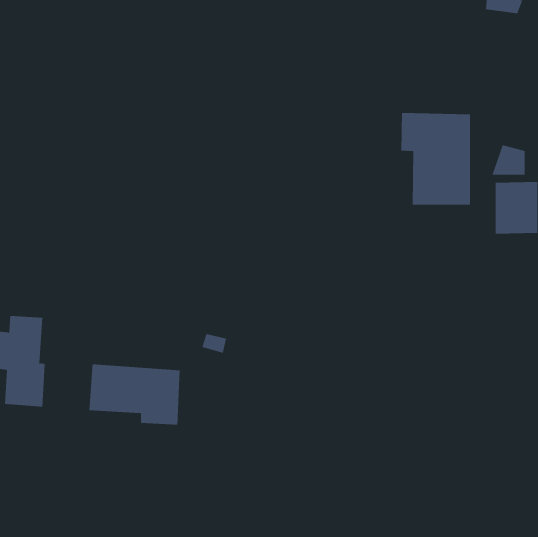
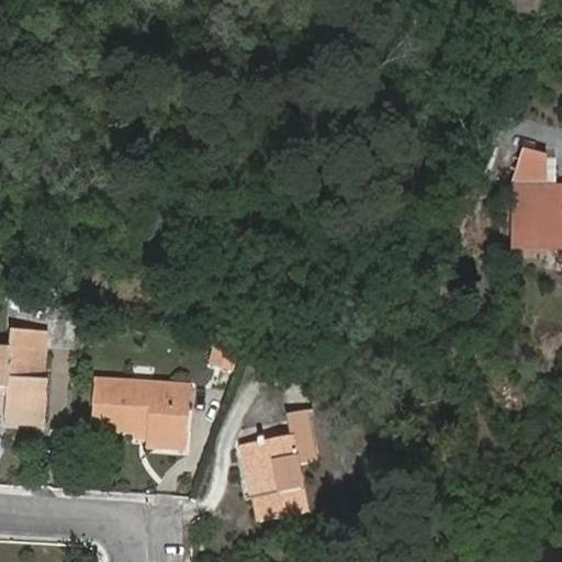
building: [401,112,470,205] -> none
building: none -> [246,409,315,519]

